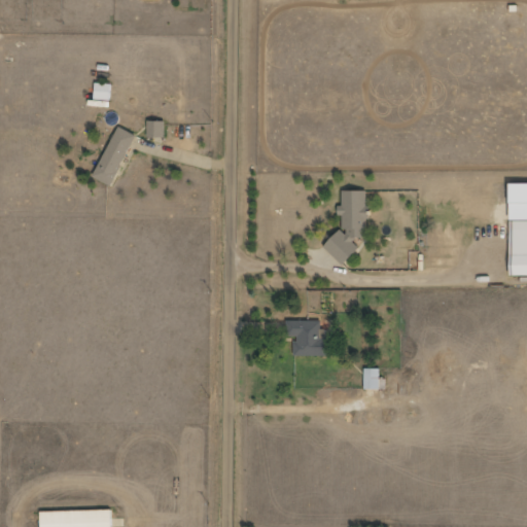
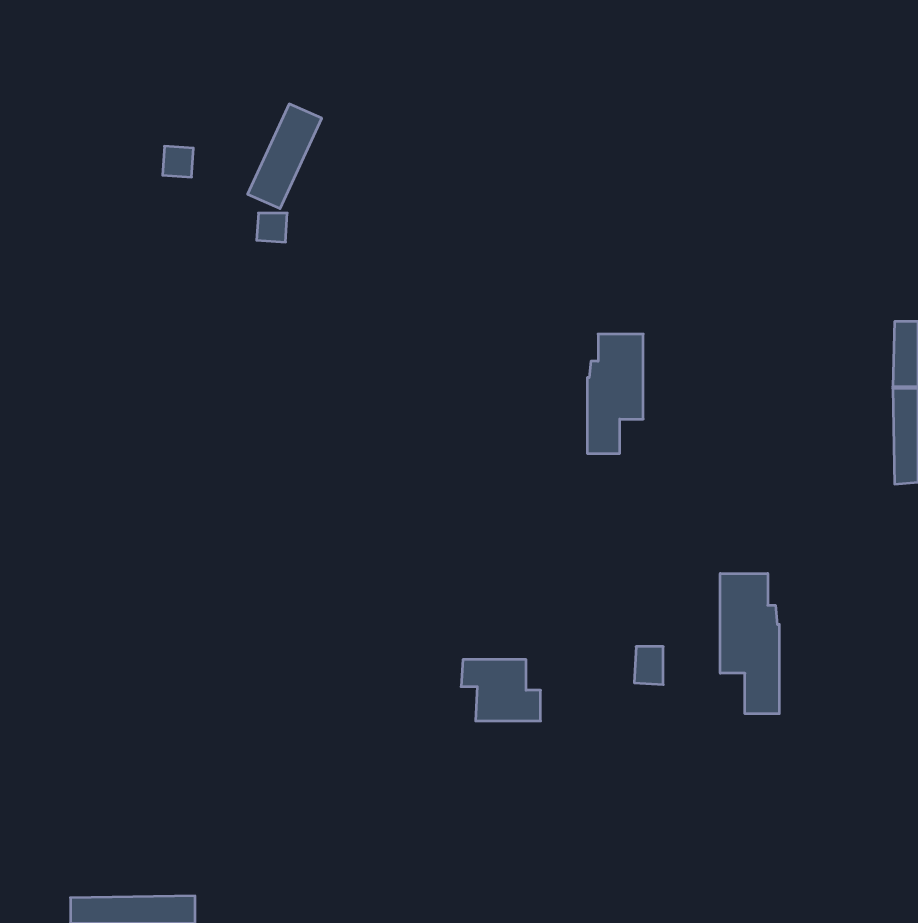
building: [93,127,135,186] -> [248,104,322,209]
building: [284,321,329,356] -> [461,660,541,721]
building: none -> [720,573,779,714]

